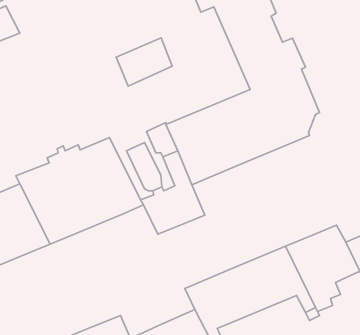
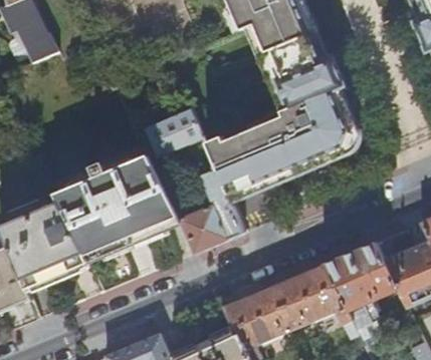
building: [116,38,172,86] -> [145,109,201,157]

